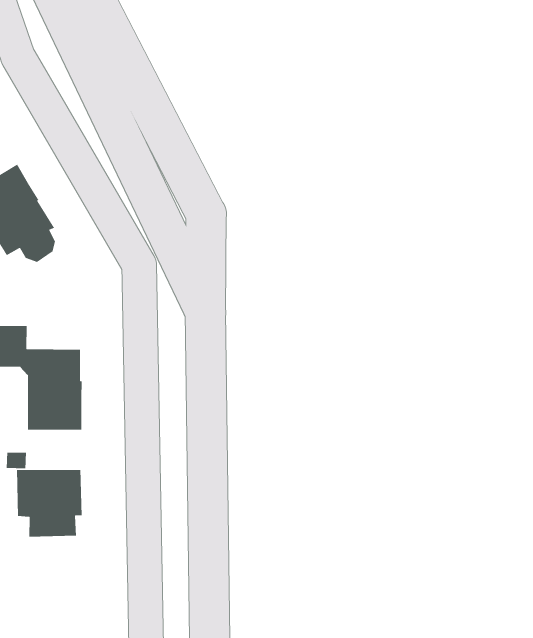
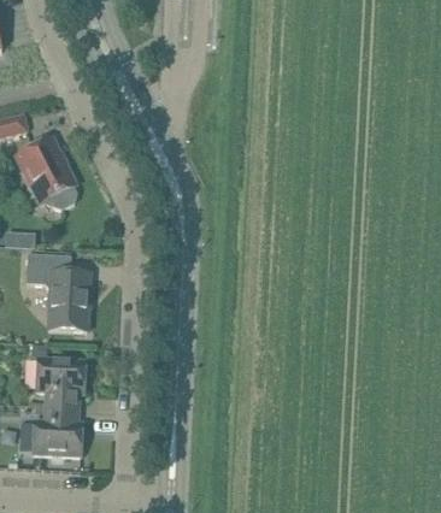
building: none -> [33,405,82,454]

